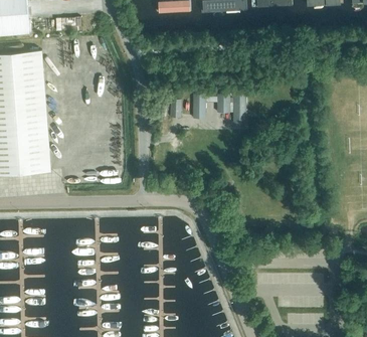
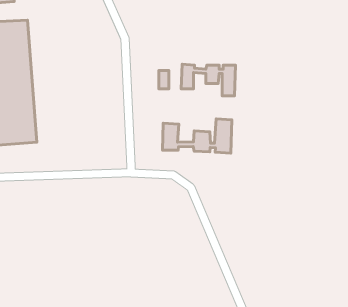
building: none -> [163,119,232,153]

